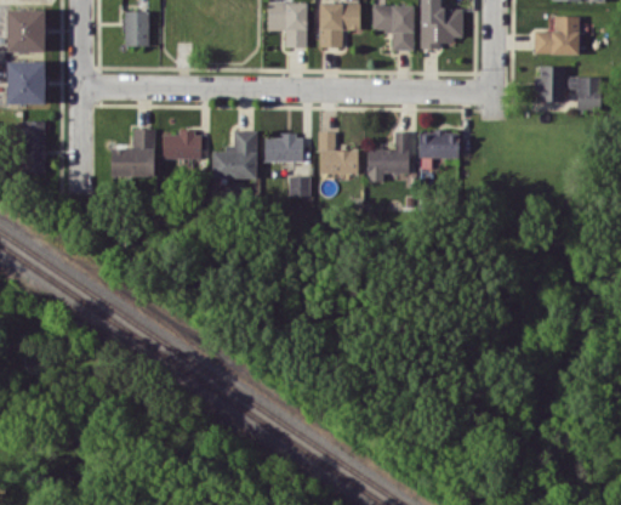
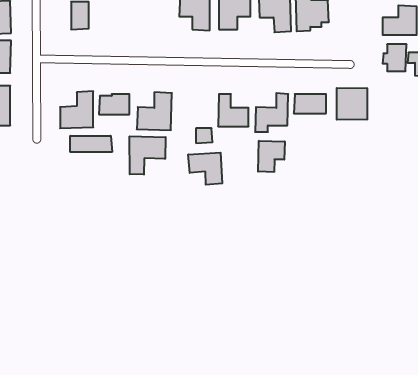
building: none -> [337,88,367,120]
building: [264,135,303,163] -> none
building: none -> [70,136,112,152]
building: none -> [130,136,166,175]
building: none -> [258,141,285,172]
building: none -> [188,153,222,185]

